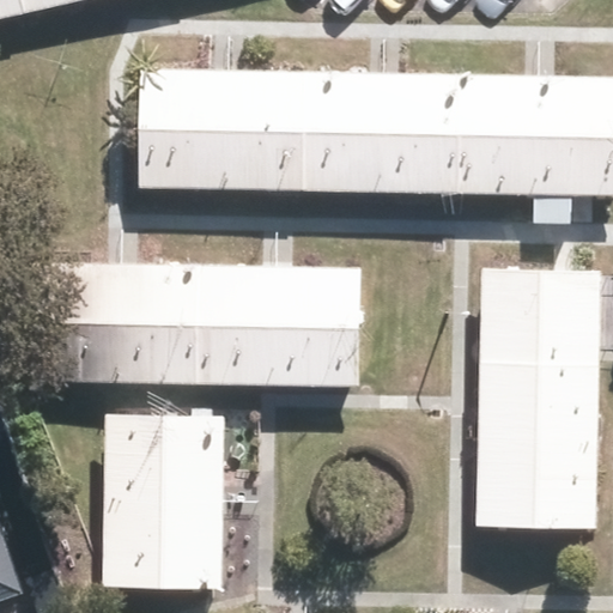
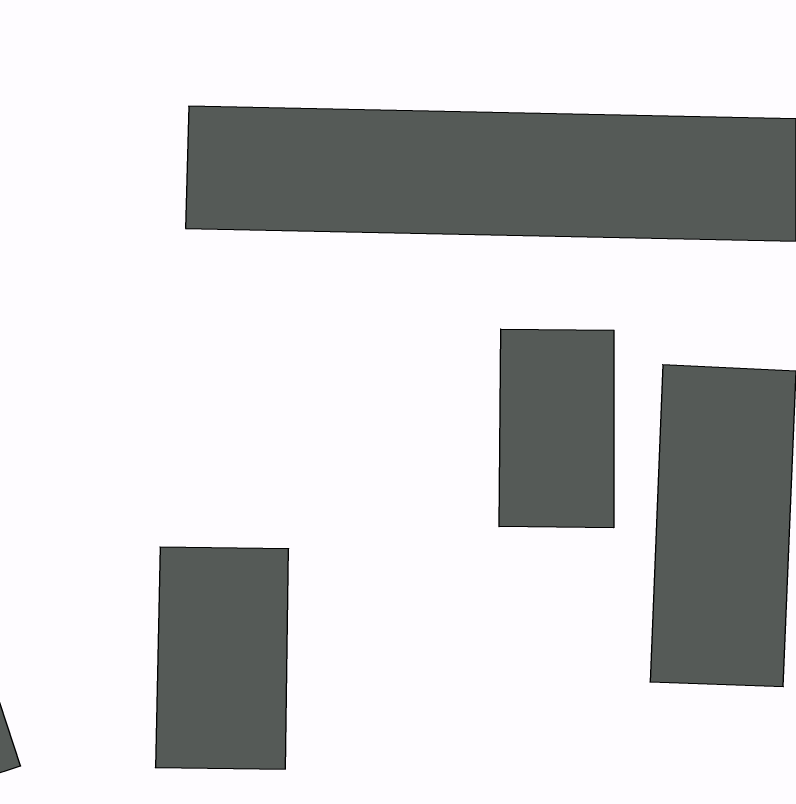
building: none -> [499,329,614,528]
building: [68,279,359,378] -> none

